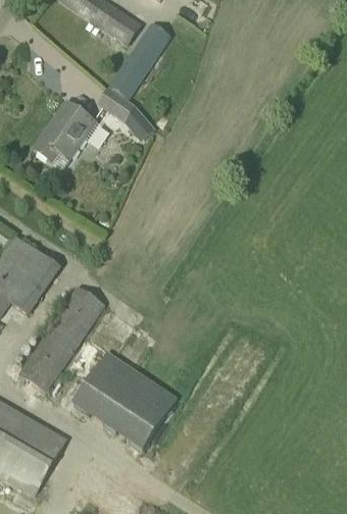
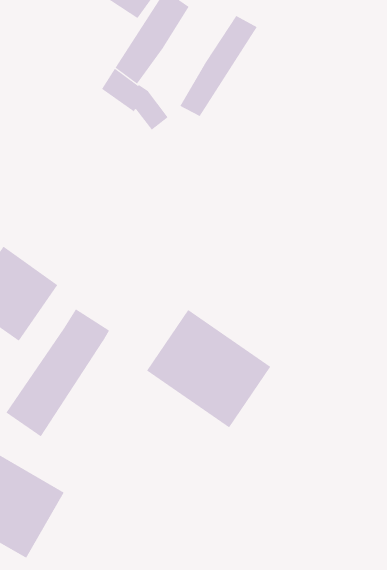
building: none -> [179,15,257,117]
building: [33,101,95,161] -> none
building: [73,351,178,450] -> [146,309,271,428]

